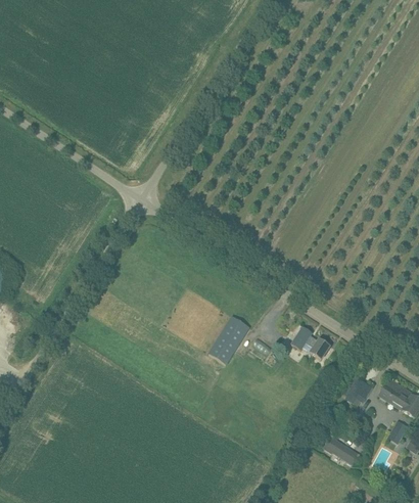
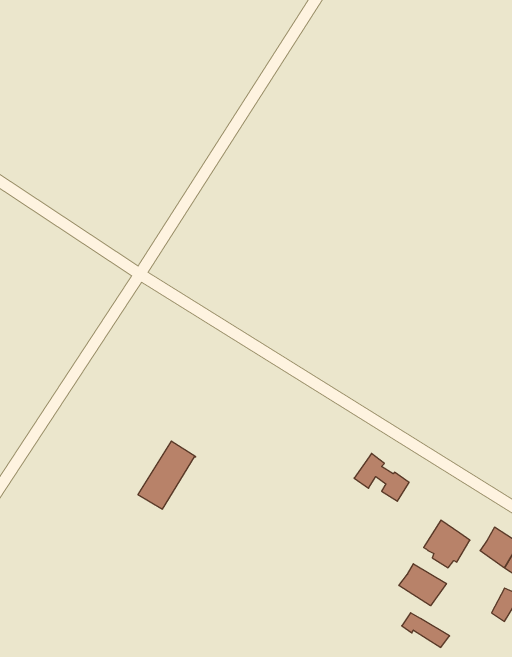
building: [208,316,249,364] -> [138,441,196,509]
building: none -> [399,564,446,606]

